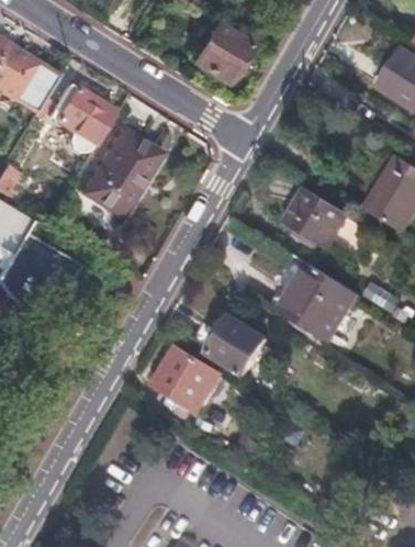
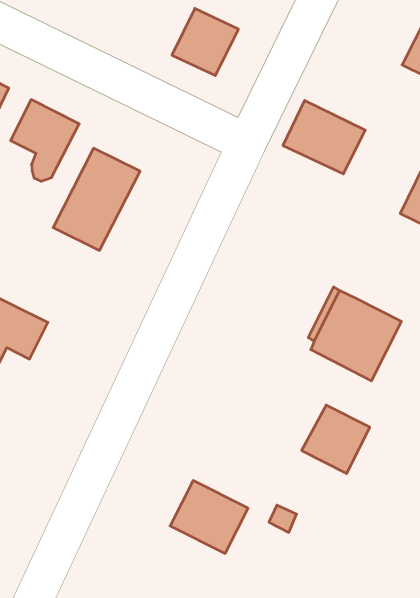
building: [282,186,350,248] -> [283,100,365,174]
building: [209,317,266,375] -> [302,405,370,474]
building: [155,348,220,410] -> [170,481,248,553]

